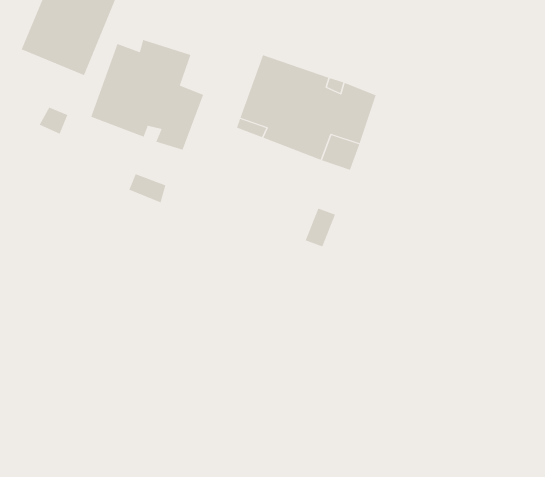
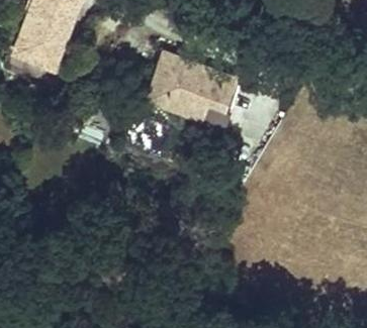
building: [91,39,204,150] -> none

